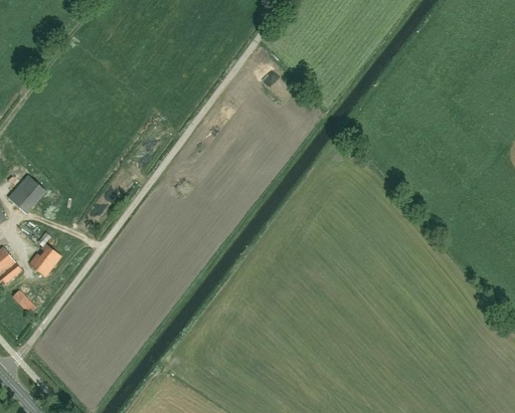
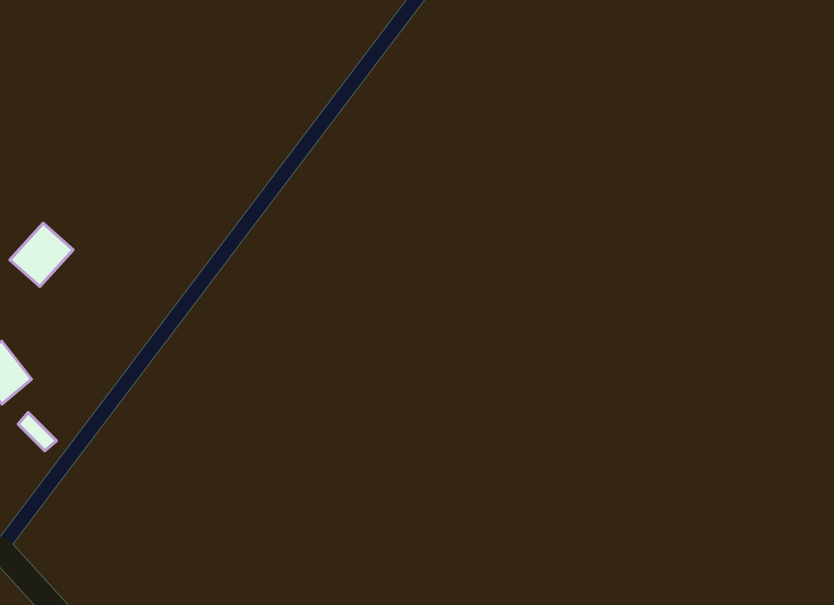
building: [29,232,61,277] -> none

